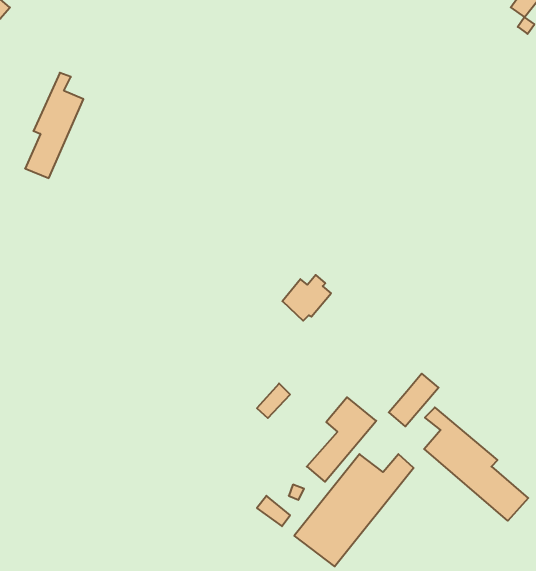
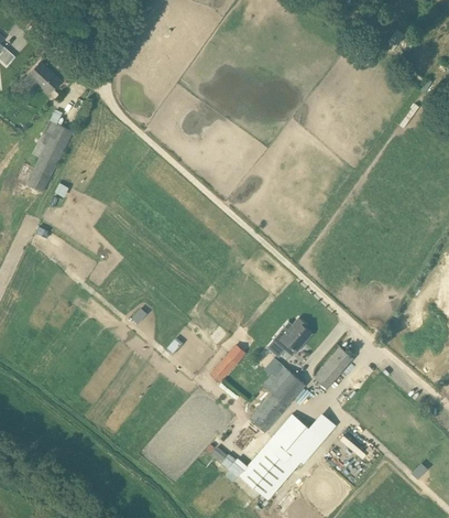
building: none -> [23,62,61,94]
building: [282,275,331,321] -> [273,319,311,355]
building: [424,407,528,521] -> none

